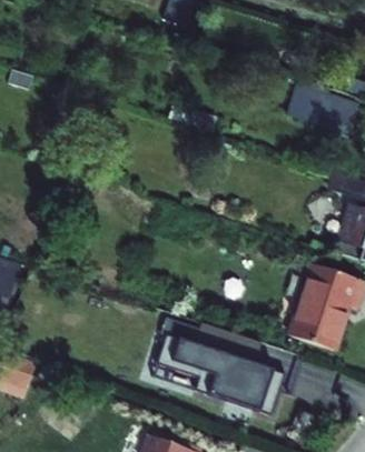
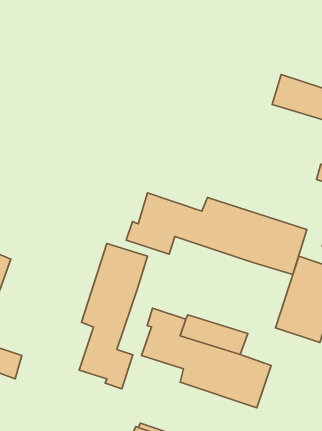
building: none -> [126,193,307,275]
building: none -> [79,244,147,389]

